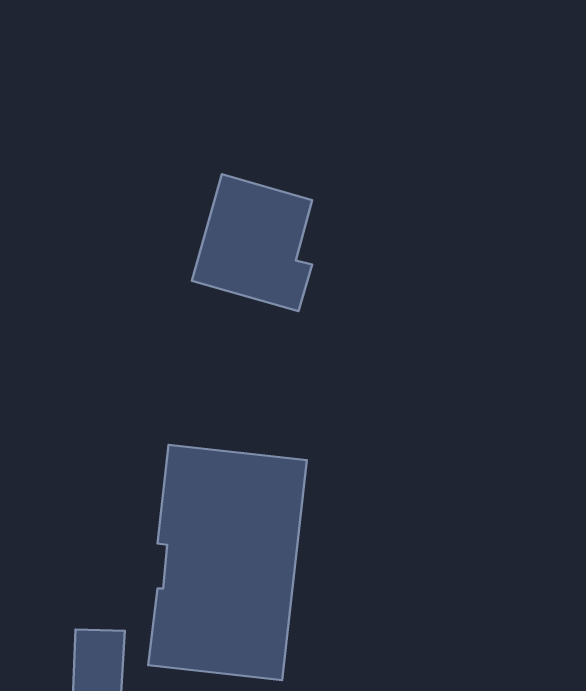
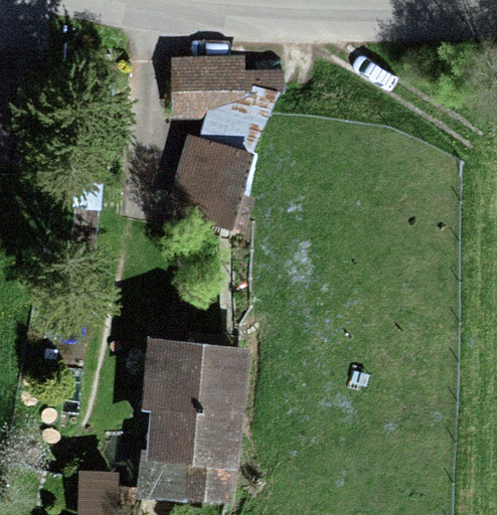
building: none -> [172,62,283,124]

